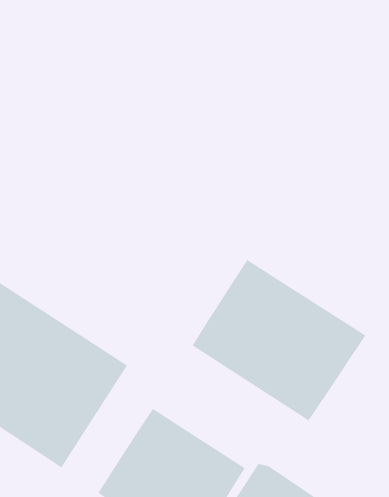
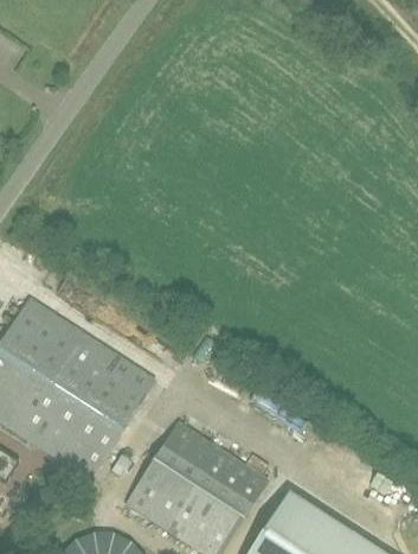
building: [192,259,366,421] -> none

